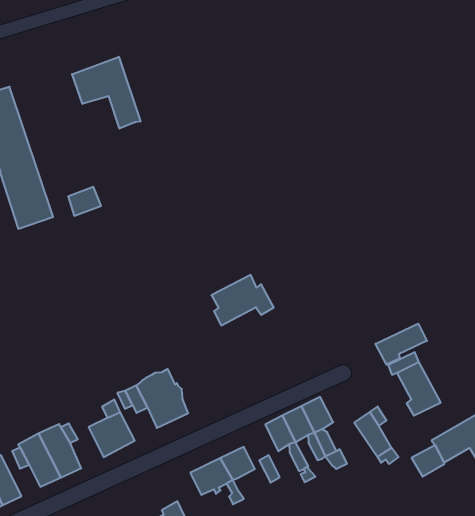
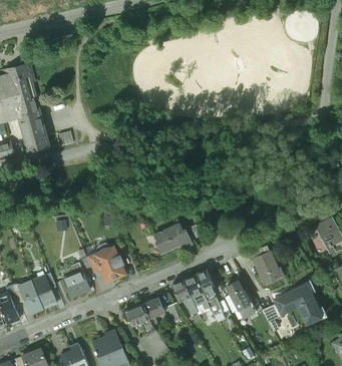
building: [72,57,140,129] -> none
building: [211,275,274,325] -> [154,223,193,253]
building: [375,324,427,365] -> none

